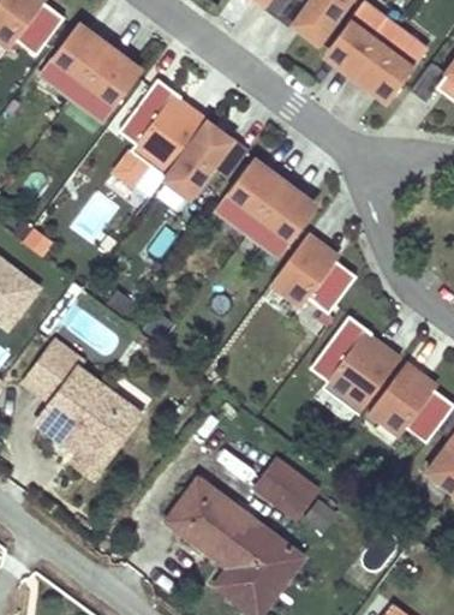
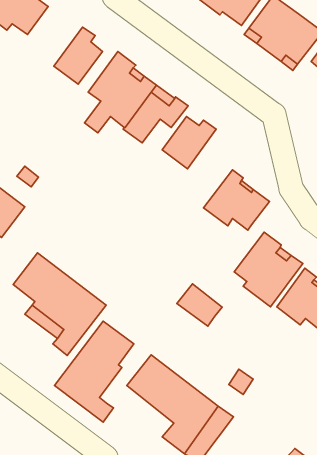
building: [40,26,110,95] -> none
building: [250,179,313,255] -> none
building: none -> [55,321,134,422]
building: [255,460,315,517] -> [177,284,222,326]

